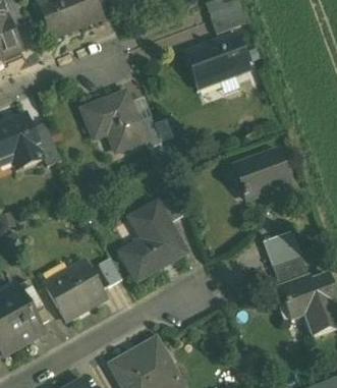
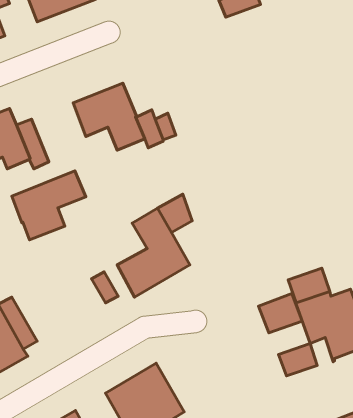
building: [184,34,248,88] -> none
building: [235,150,290,200] -> none
building: none -> [12,171,86,240]
building: [262,230,300,265] -> [258,293,302,333]
building: [44,261,105,320] -> none
building: none -> [279,343,317,376]

